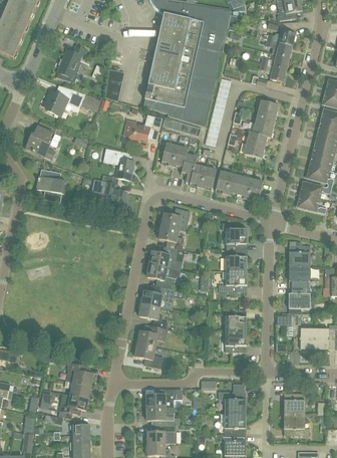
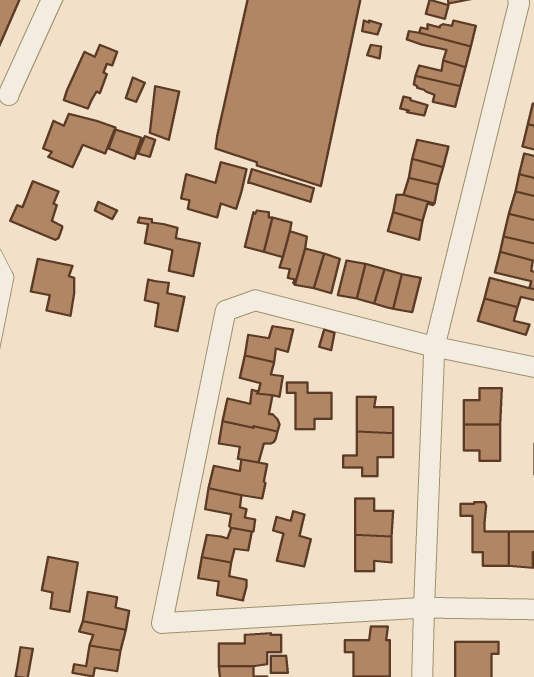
building: [221,222,247,249] -> [287,383,332,429]
building: [288,286,309,307] -> none
building: none -> [273,511,311,566]
building: none -> [42,557,78,612]

